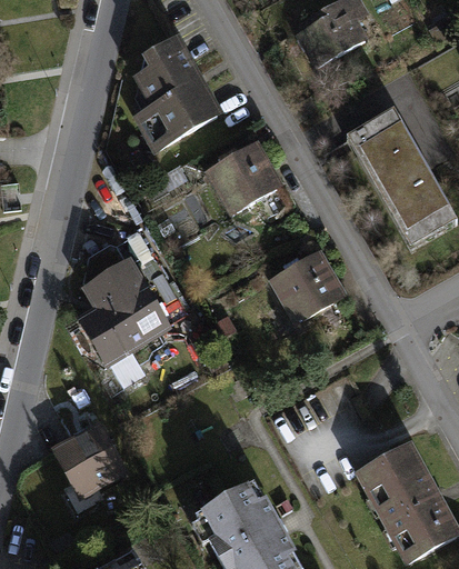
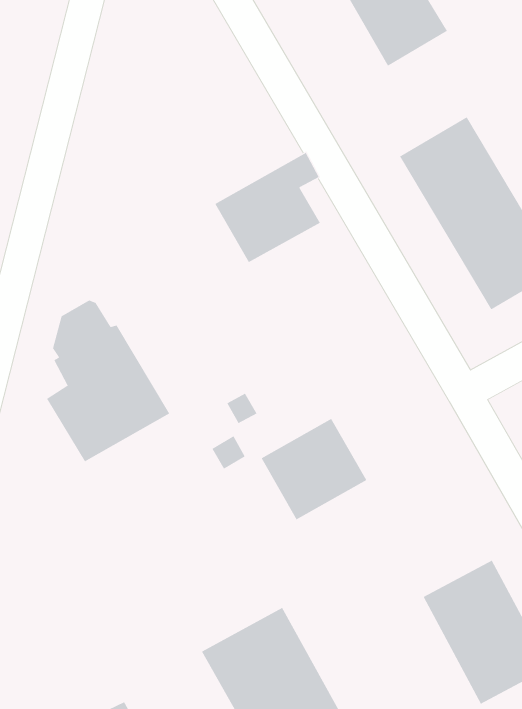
building: [132,39,222,154] -> none
building: [268,249,348,326] -> [261,418,367,520]
building: [48,425,128,503] -> none

